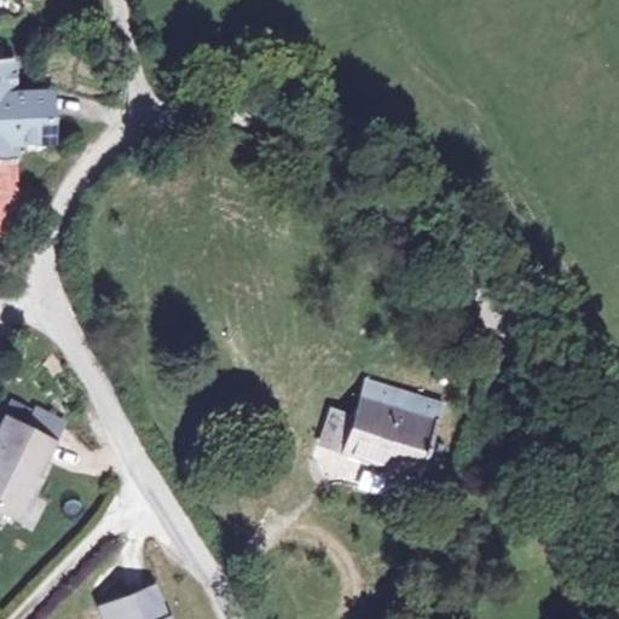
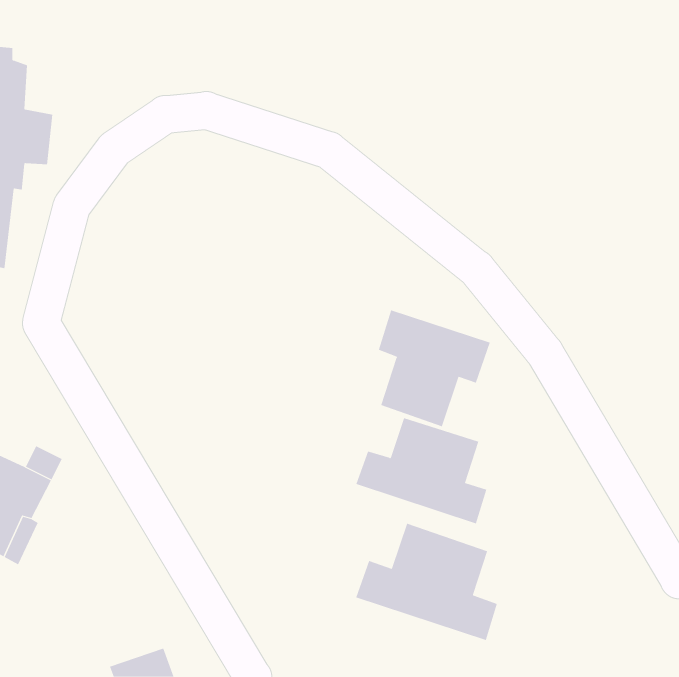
building: none -> [378,309,490,427]
building: none -> [355,523,497,641]

